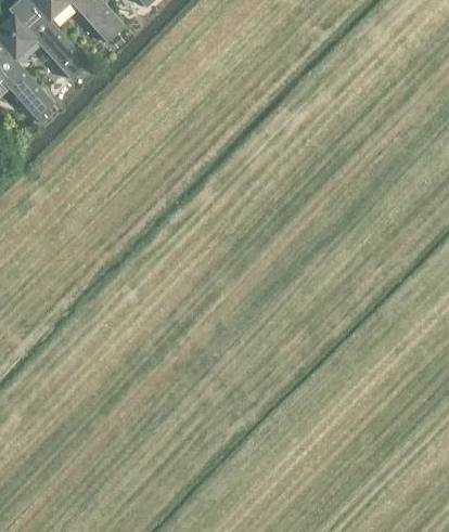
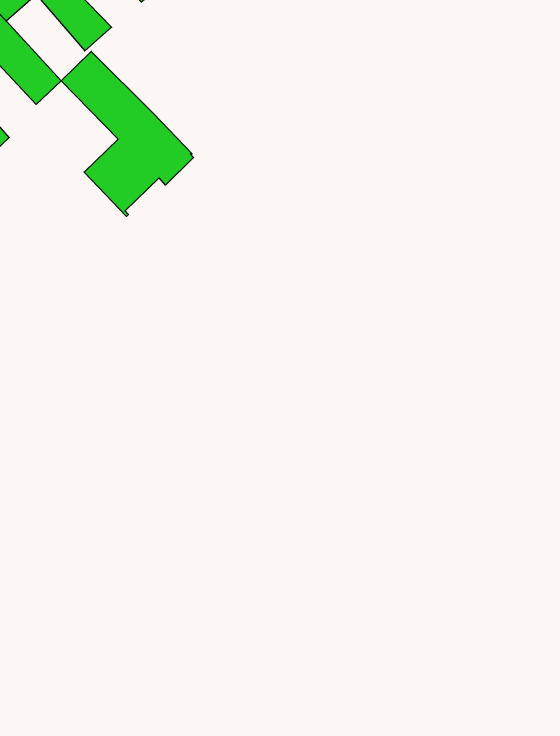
building: none -> [61,51,194,216]

